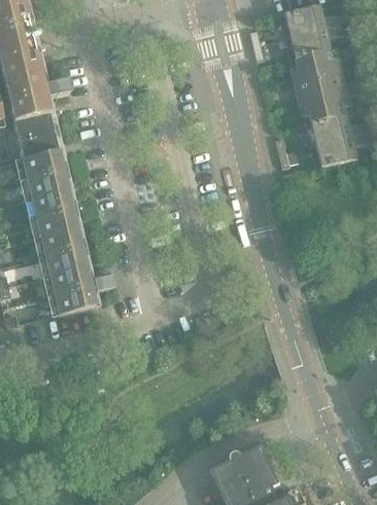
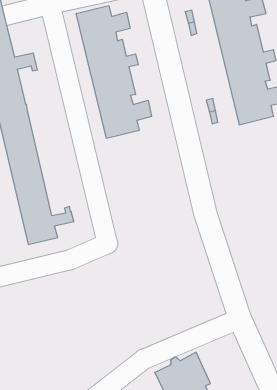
building: none -> [76,6,152,138]

